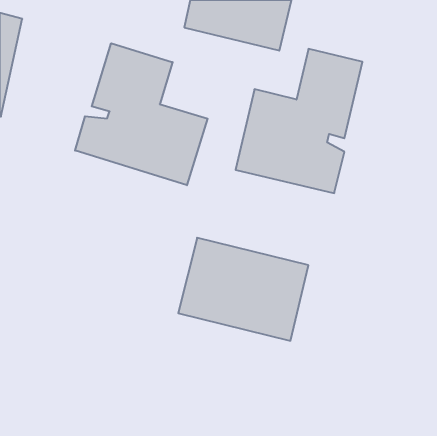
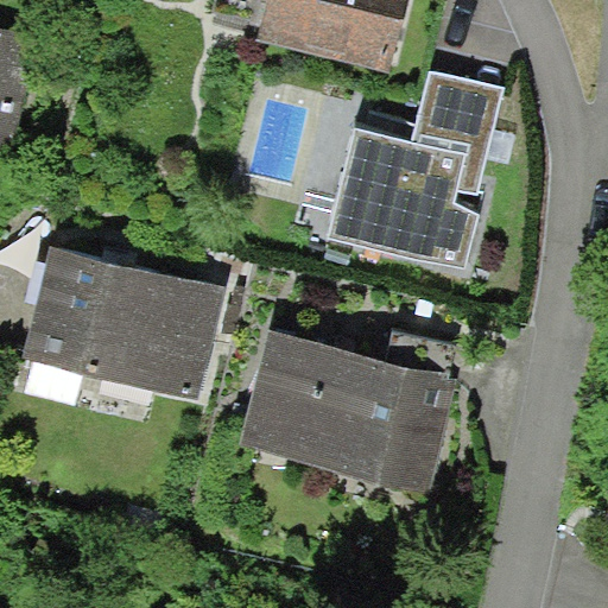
building: [75,43,208,185] -> none
building: none -> [30,241,215,394]

